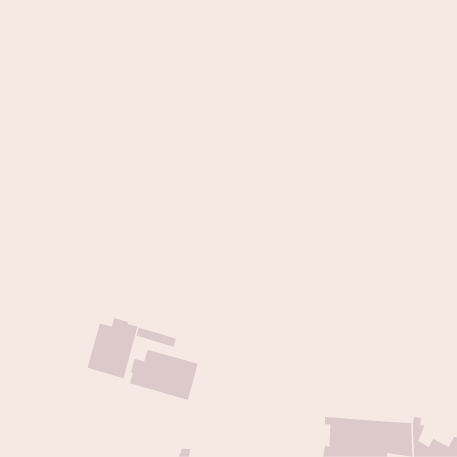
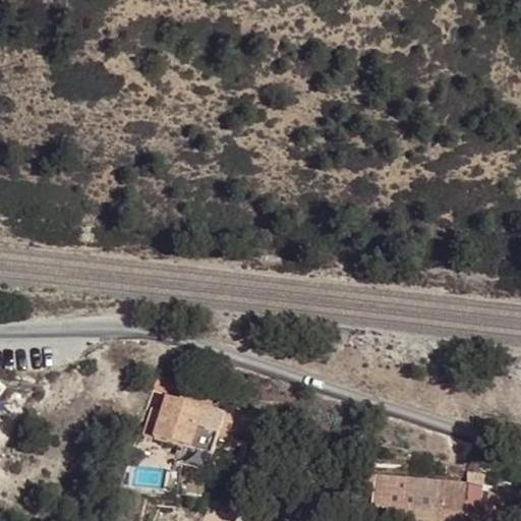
building: [87,317,138,379] -> none

